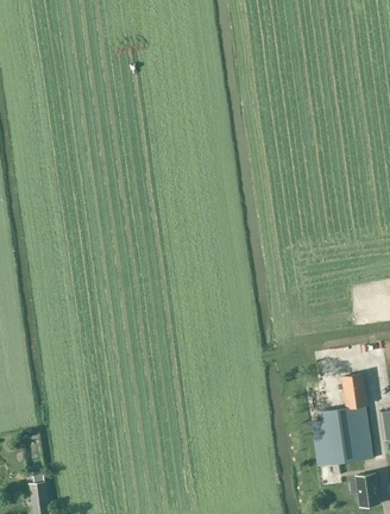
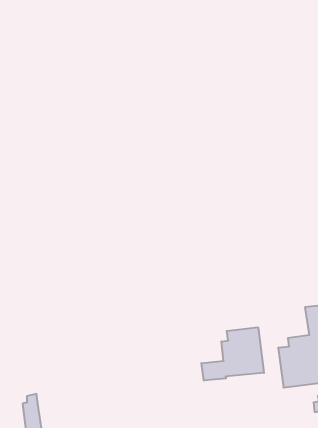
building: none -> [201,327,264,381]

